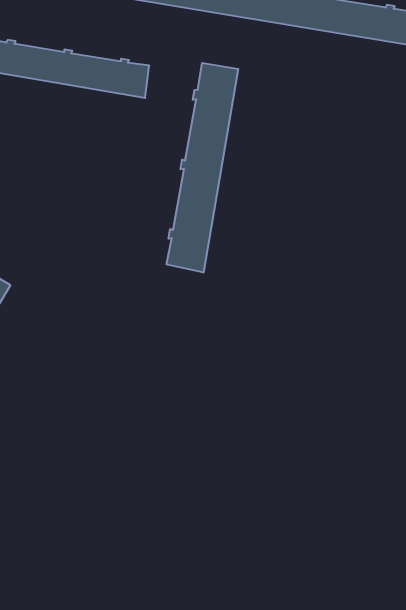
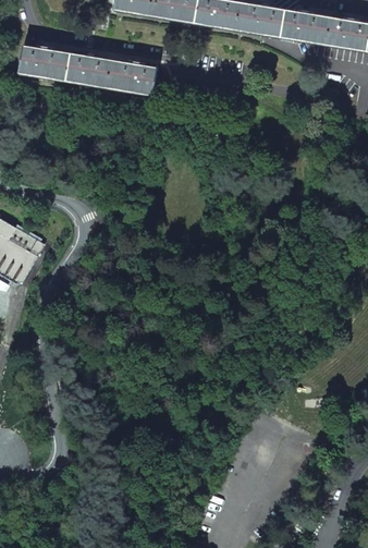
building: [166,63,238,273] -> none

